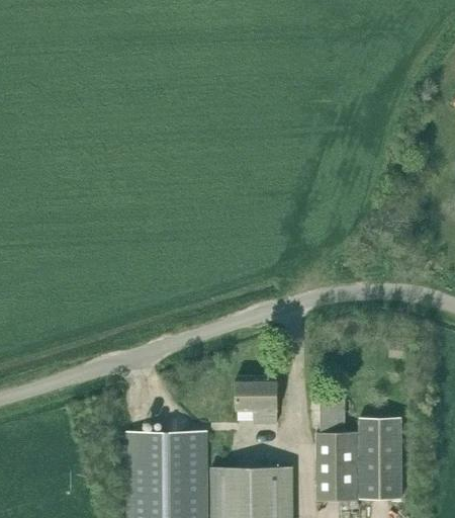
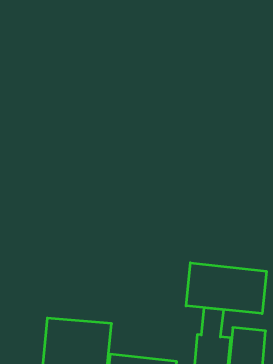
building: none -> [186,263,266,314]
building: [236,377,277,420] -> none

